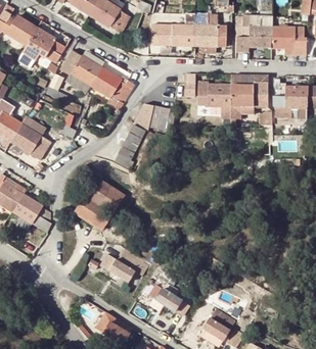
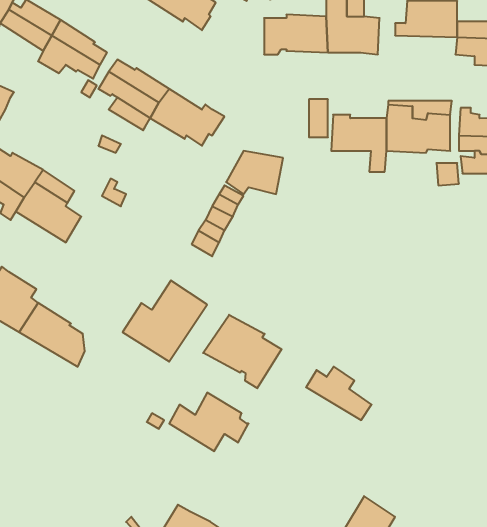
building: [235,37,272,52] -> none
building: none -> [203,315,282,388]
building: [150,284,189,315] -> [306,367,372,420]

